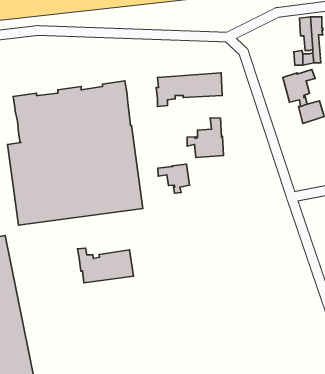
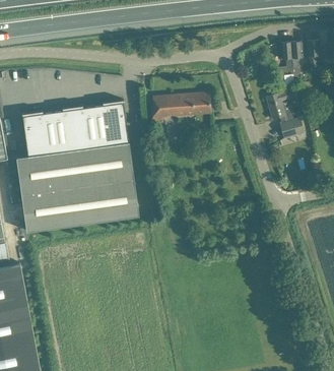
building: [187,118,223,157] -> none
building: [158,164,189,193] -> none
building: [78,248,134,283] -> none

